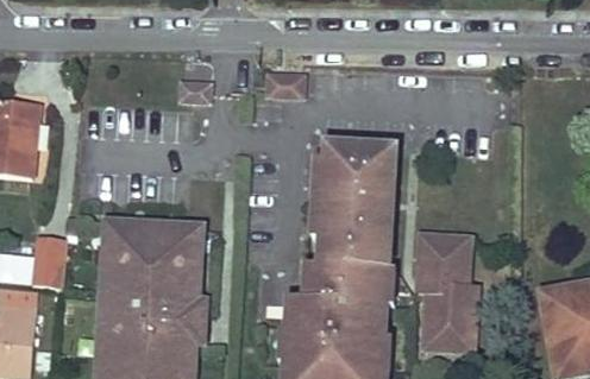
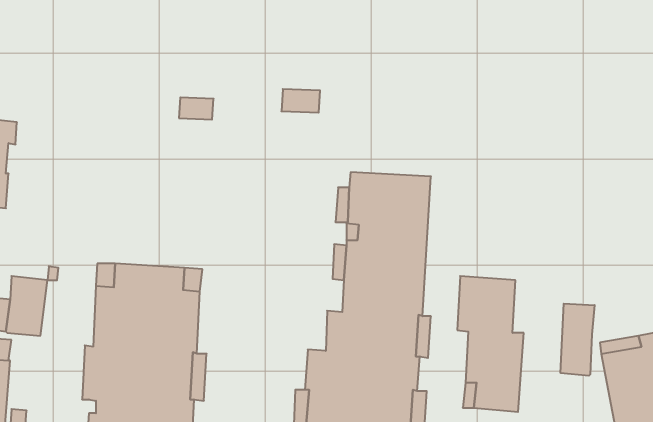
building: none -> [561,304,595,376]

